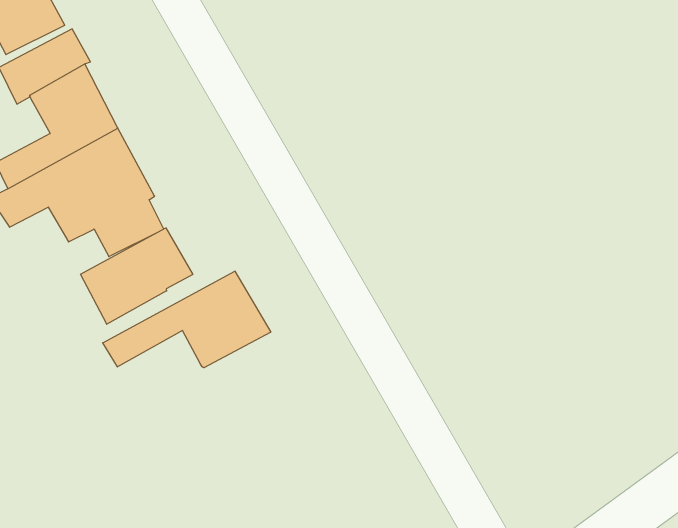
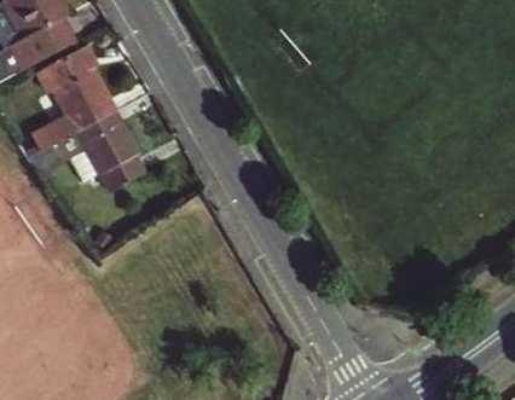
building: [81,228,193,324] -> none
building: [103,271,271,368] -> none

